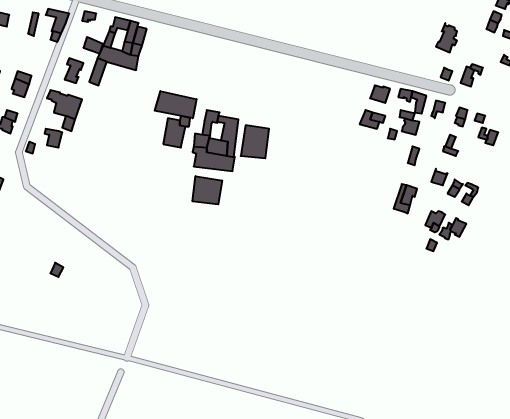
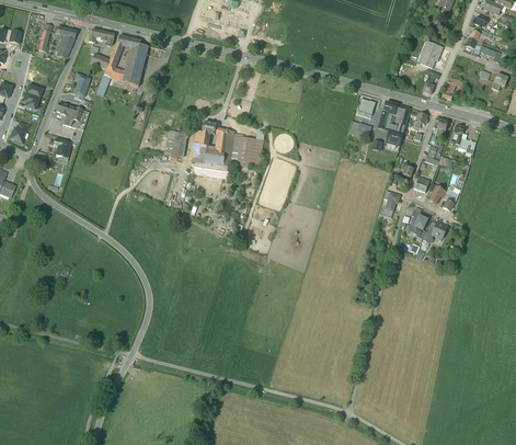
building: [155,91,197,118] -> none
building: [193,176,222,204] -> none

